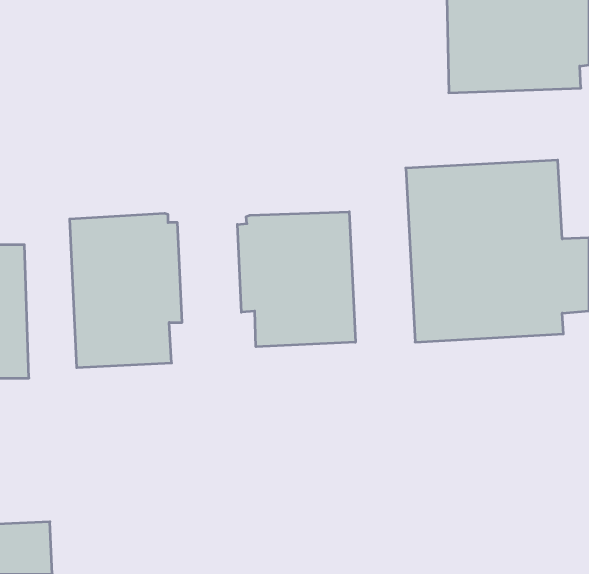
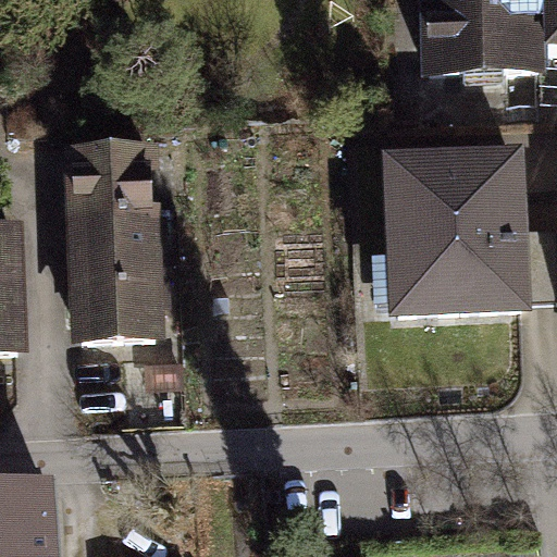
building: none -> [62,144,154,206]
building: [237,212,355,347] -> none

